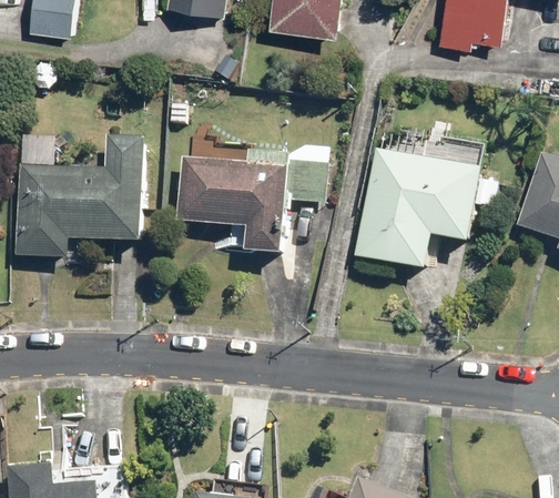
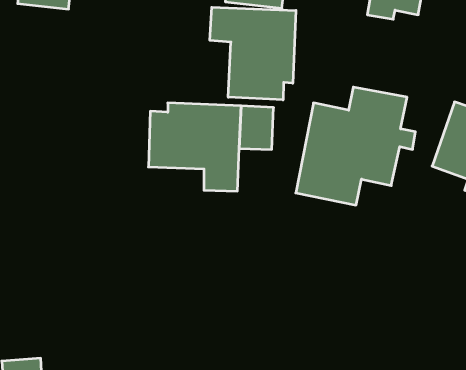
building: none -> [210,7,296,100]
building: [13,139,145,261] -> none

